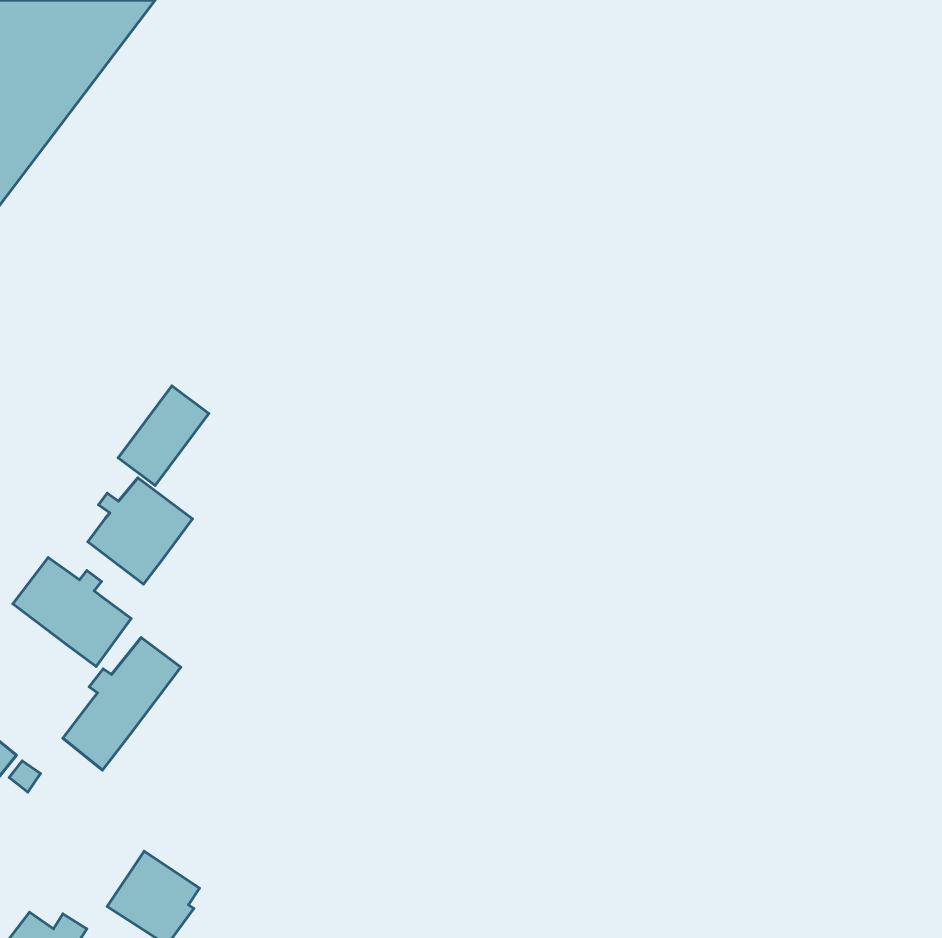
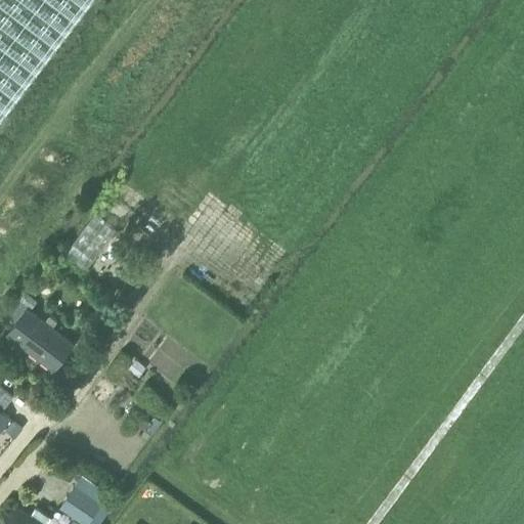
building: [88,478,193,584] -> none
building: [63,637,181,770] -> none

